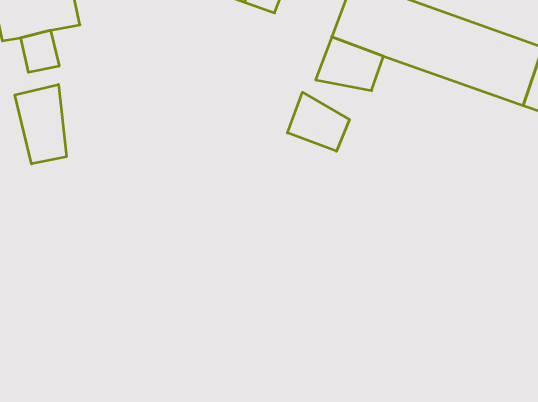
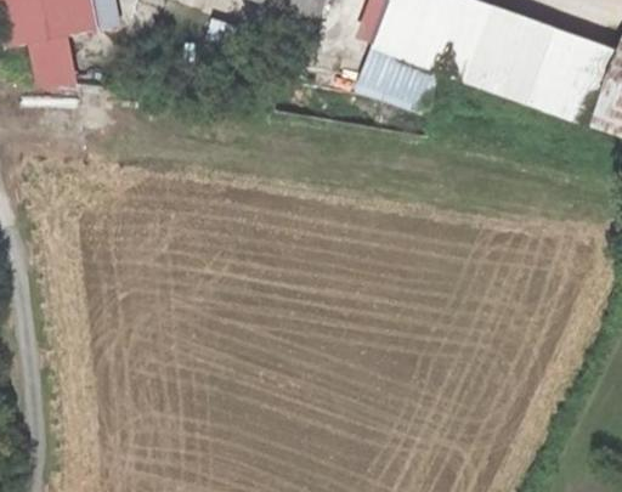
building: [15,84,66,164] -> none
building: [287,92,349,151] -> none

